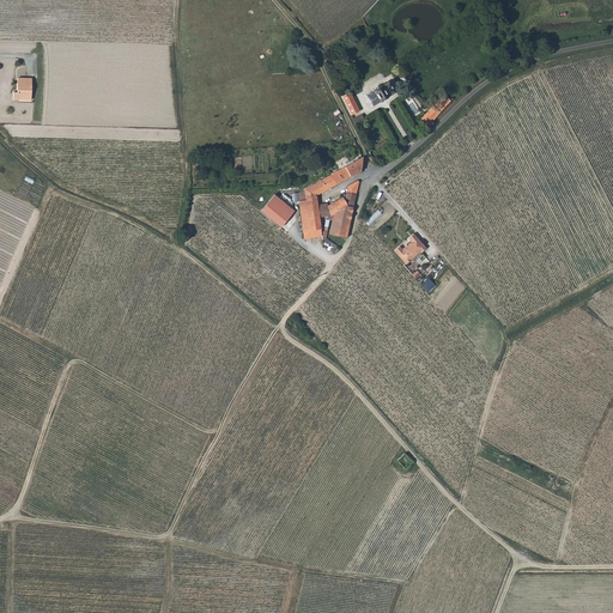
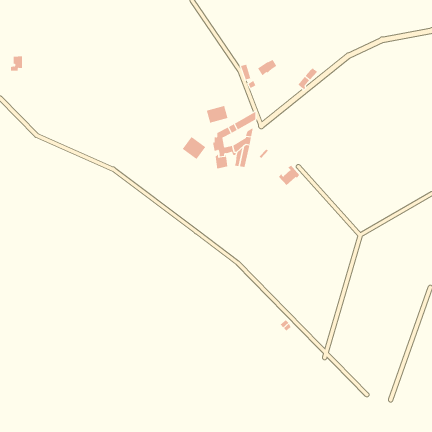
building: none -> [206,105,228,124]

